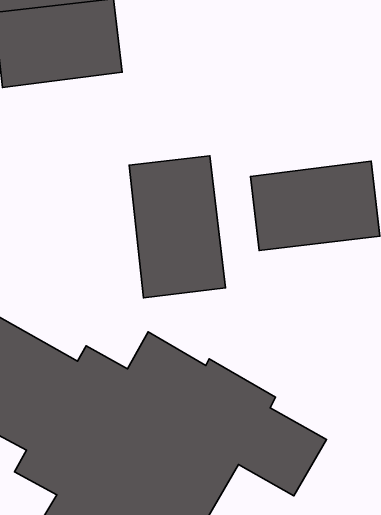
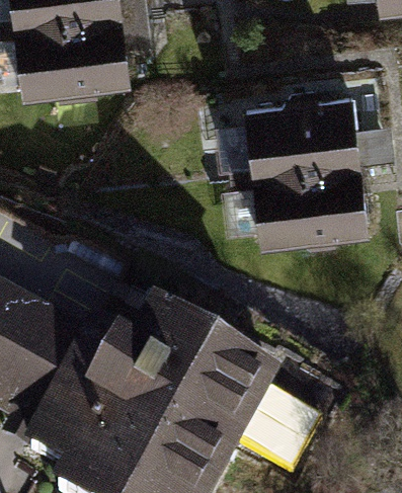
building: none -> [243,85,364,169]
building: [129,156,225,298] -> none

